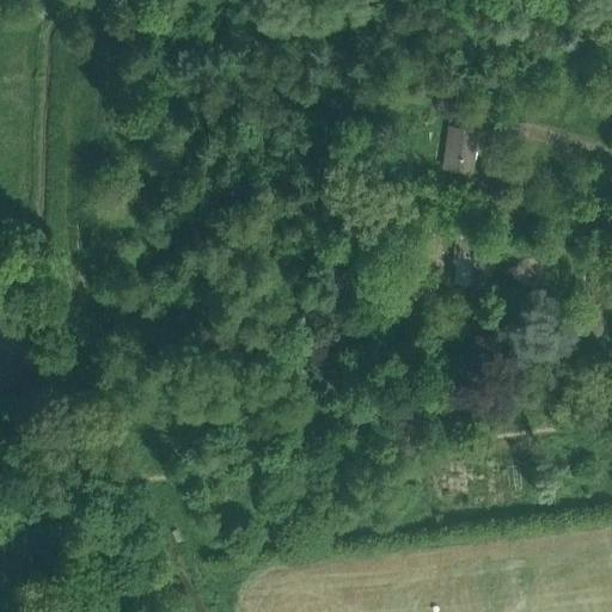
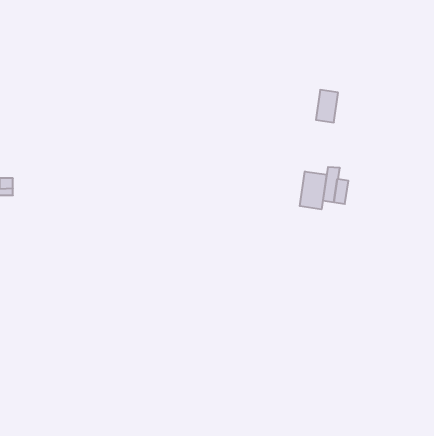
building: none -> [300,171,327,209]

